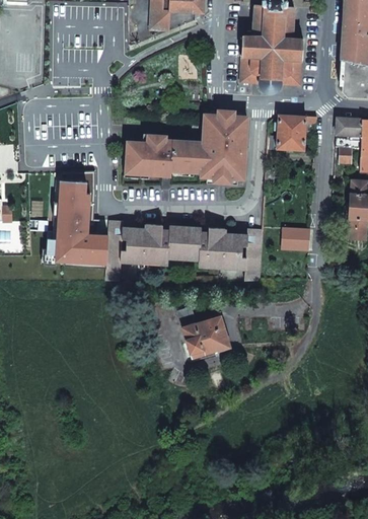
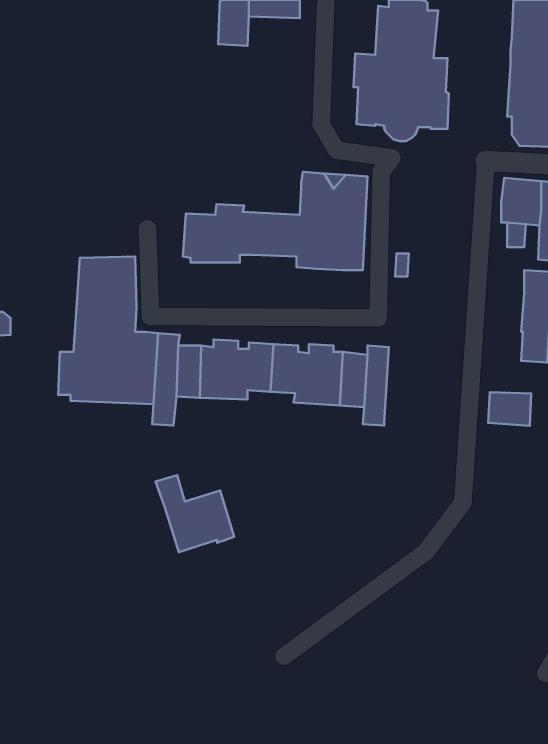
building: [269,115,305,151] -> none
building: [282,228,310,250] -> [488,392,531,426]
building: [177,306,229,357] -> [156,475,234,552]

